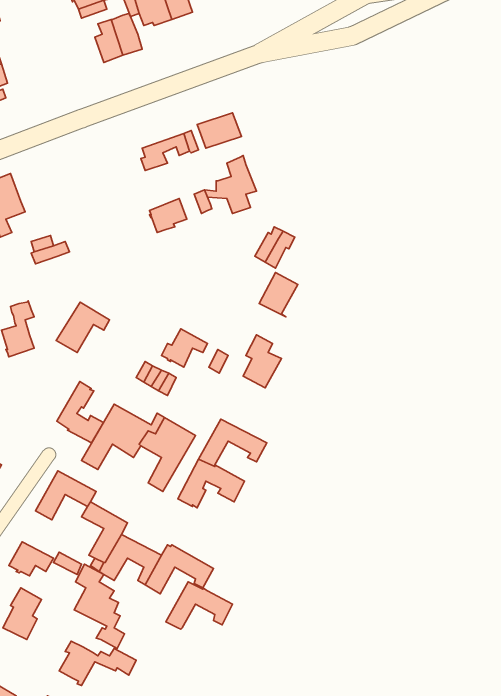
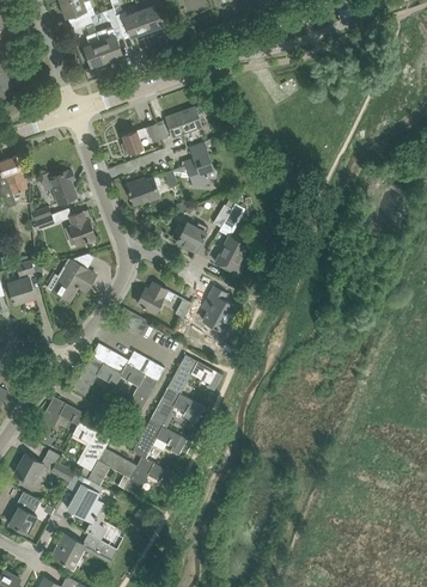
building: none -> [39,167,75,203]
building: none -> [68,210,94,244]
building: none -> [176,222,207,251]
building: [57,382,103,443] -> none
building: [166,582,233,629] -> [132,420,185,458]

